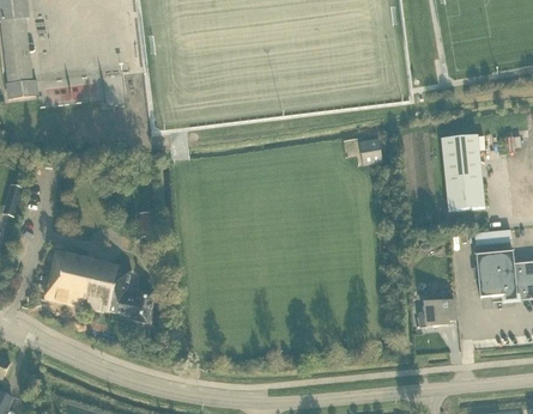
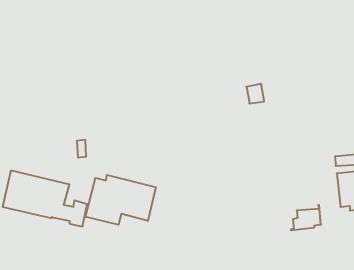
building: [441,135,484,211] -> none
building: none -> [86,175,156,225]

